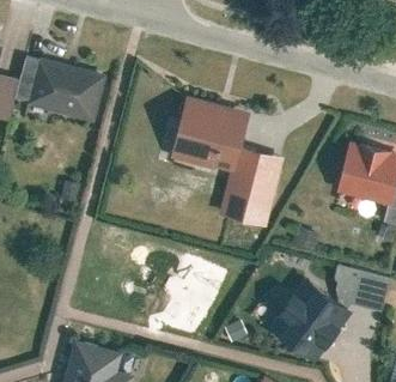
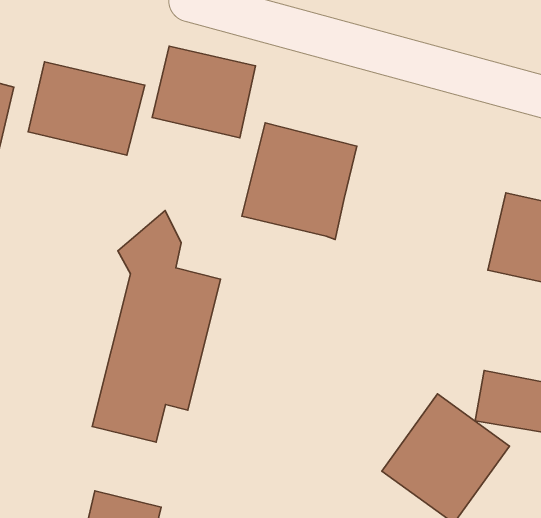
building: none -> [152,46,255,138]
building: [218,147,285,229] -> none
building: none -> [92,210,220,442]

